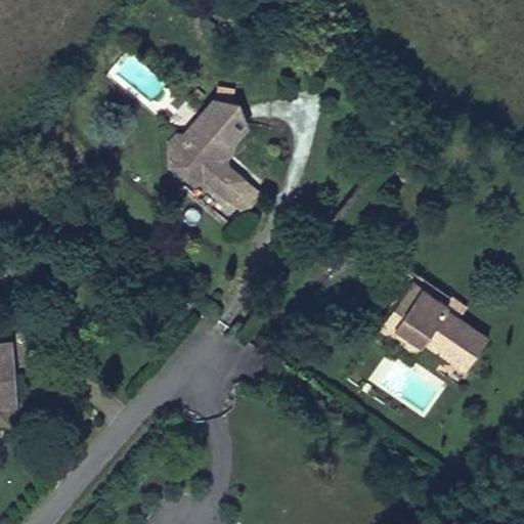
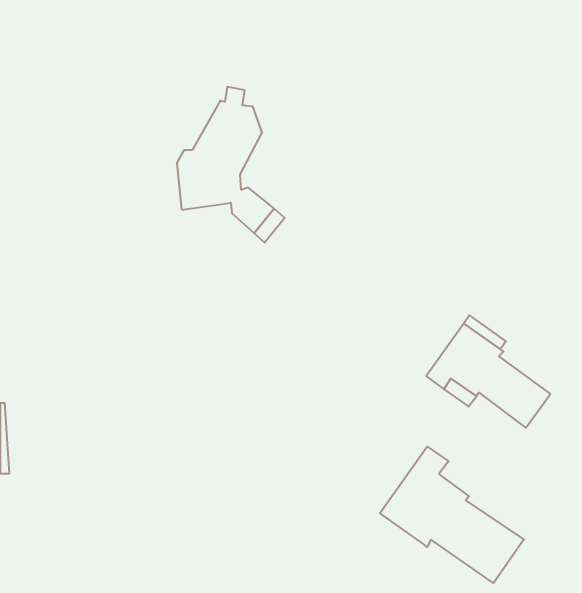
building: none -> [380,447,524,583]

